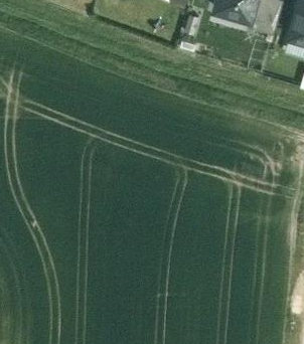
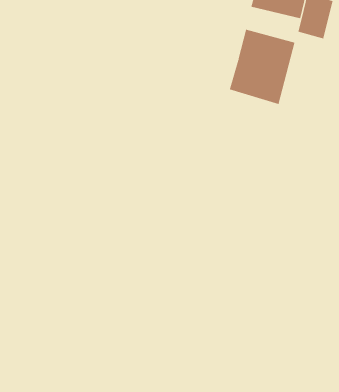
building: none -> [229,29,295,105]

